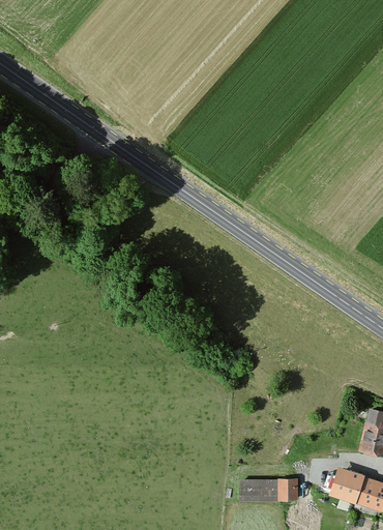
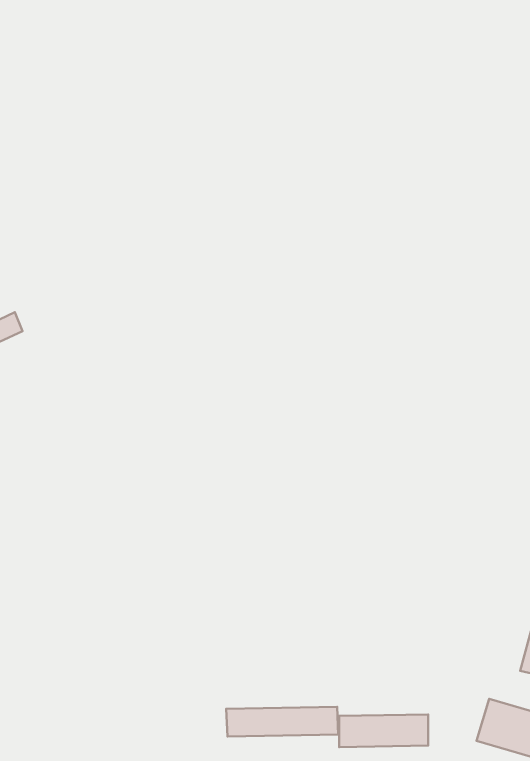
building: none -> [226,707,338,736]

